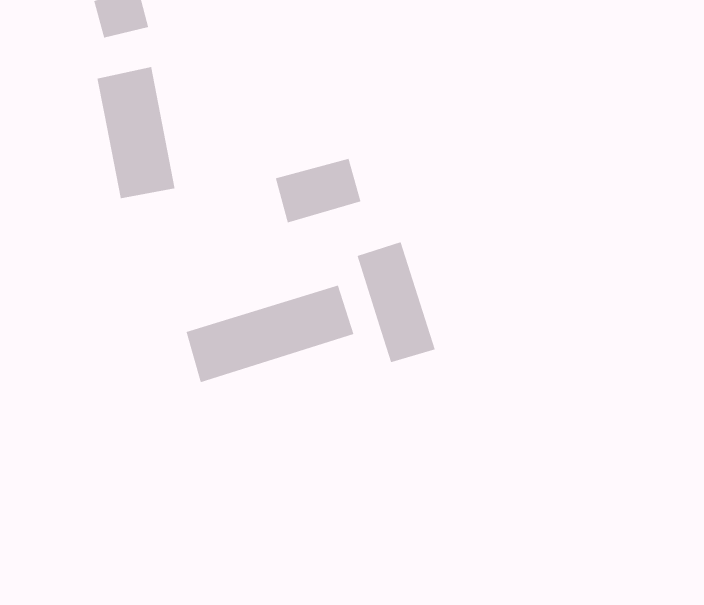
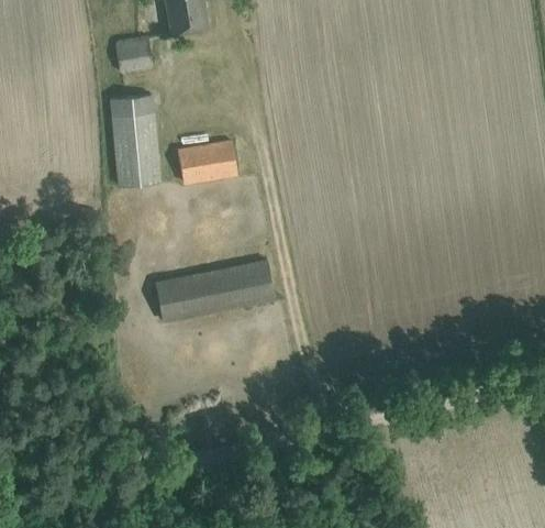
building: [275,158,362,224] -> [177,141,236,183]
building: [356,241,436,363] -> none

